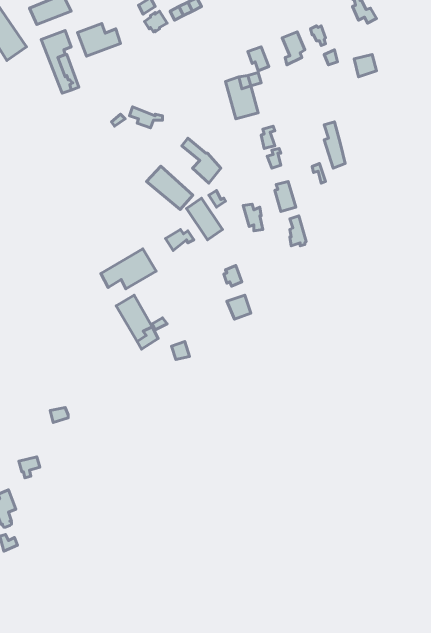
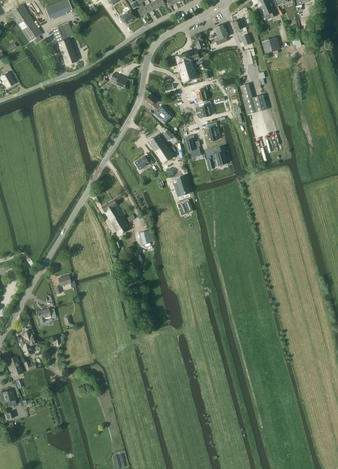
building: [77,23,121,56] -> none
building: [147,166,193,210] -> none
building: [101,249,156,289] -> none

